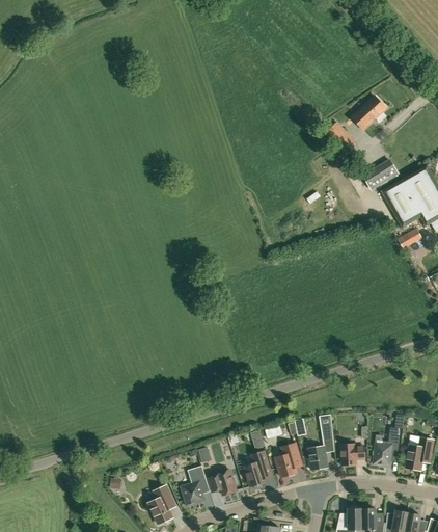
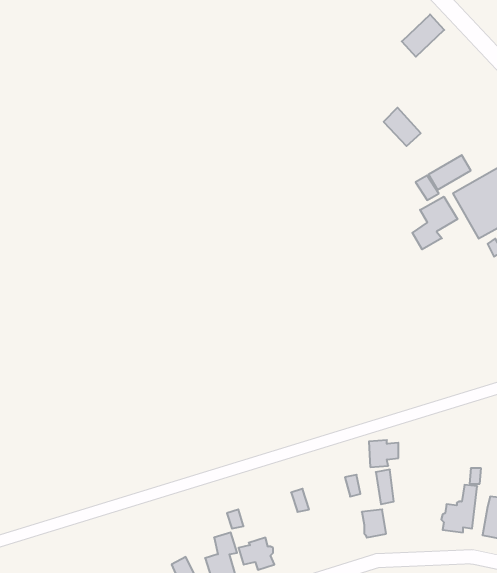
building: [352,96,386,130] -> [402,14,444,57]
building: none -> [412,197,457,249]
building: [275,444,302,477] -> none
building: [340,444,364,466] -> [369,440,398,467]
building: [244,451,272,488] -> none

